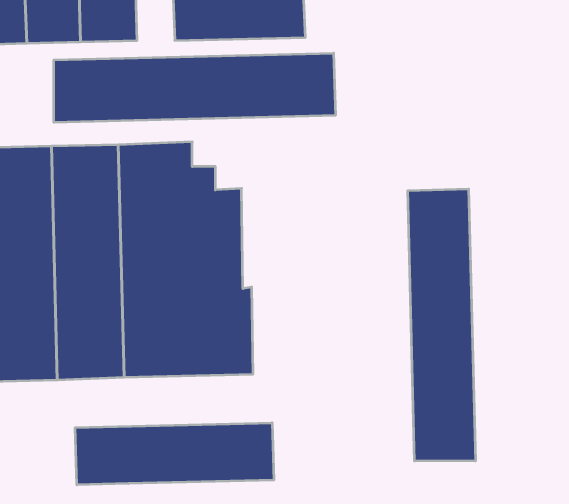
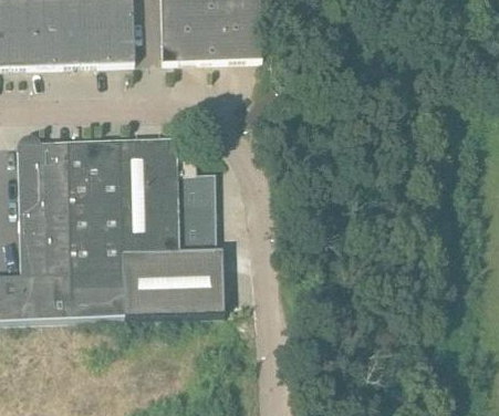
building: [54,53,335,122] -> none
building: [408,189,475,461] -> none
building: [75,423,274,485] -> none

